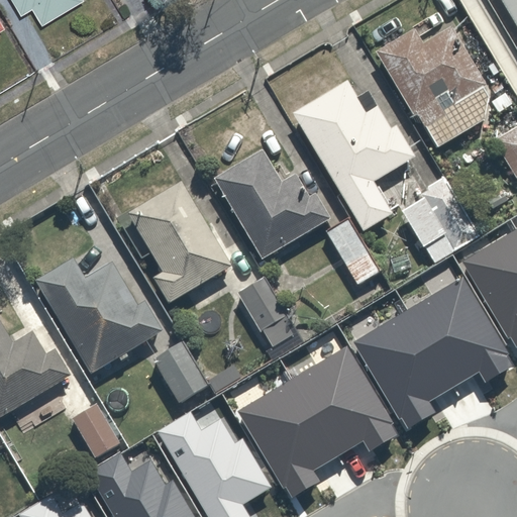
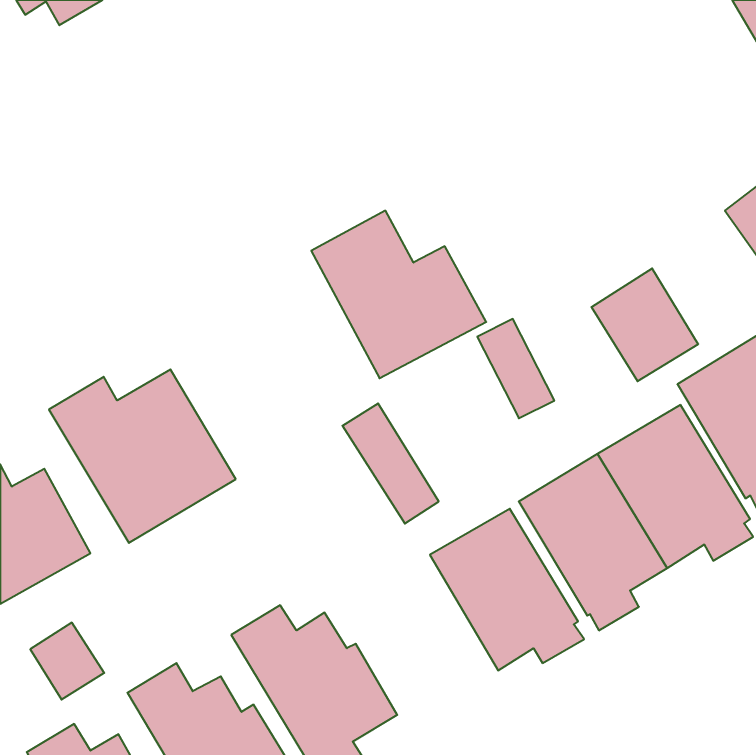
building: [377,28,502,148] -> none
building: [291,78,416,230] -> none
building: [129,182,228,300] -> none
building: [153,342,208,401] -> none
building: [237,380,340,500] -> none
building: [75,403,125,455] -> [30,623,104,700]

